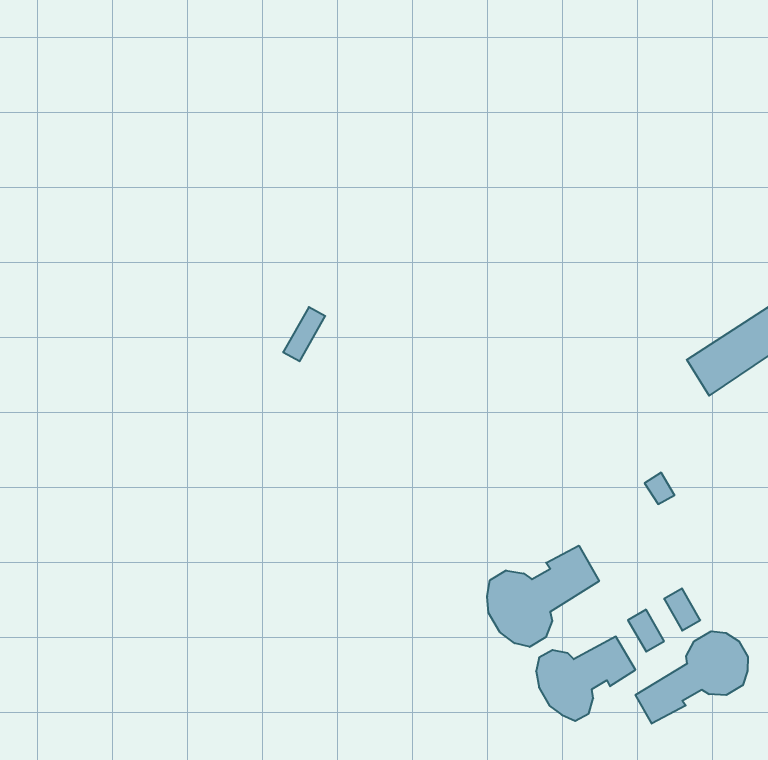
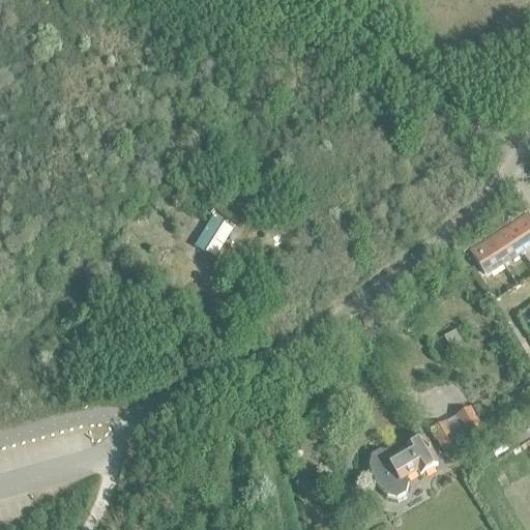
building: [487,546,599,647] -> none
building: [636,631,748,724] -> none

